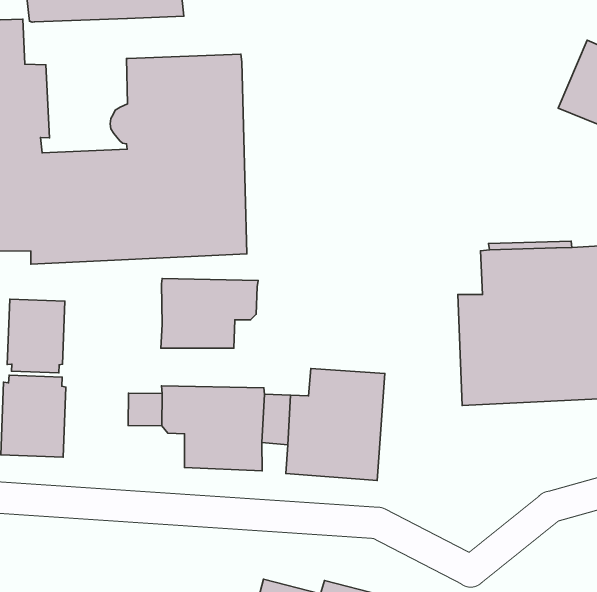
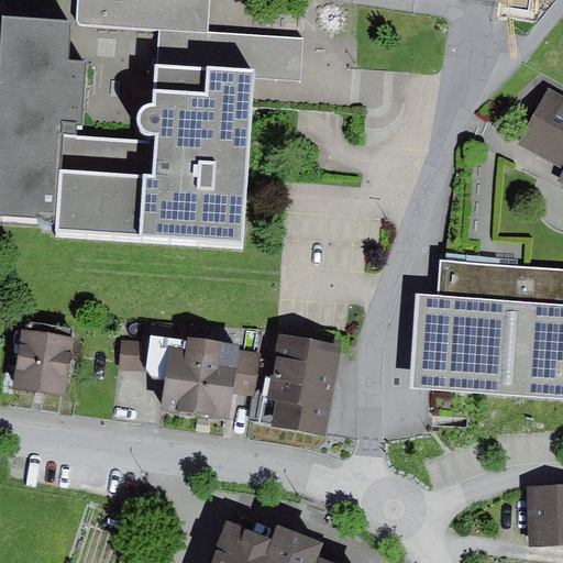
building: none -> [157,29,303,79]
building: [161,279,258,348] -> none
building: [7,299,65,373] -> none

